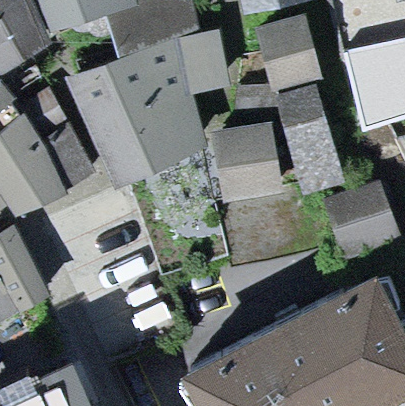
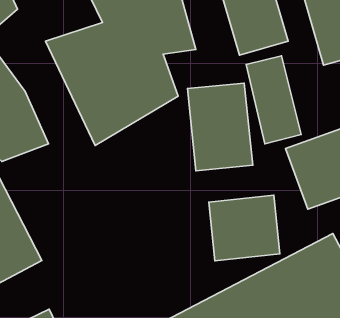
building: none -> [209,195,280,261]

